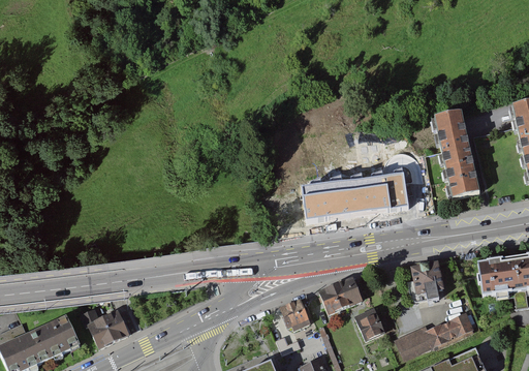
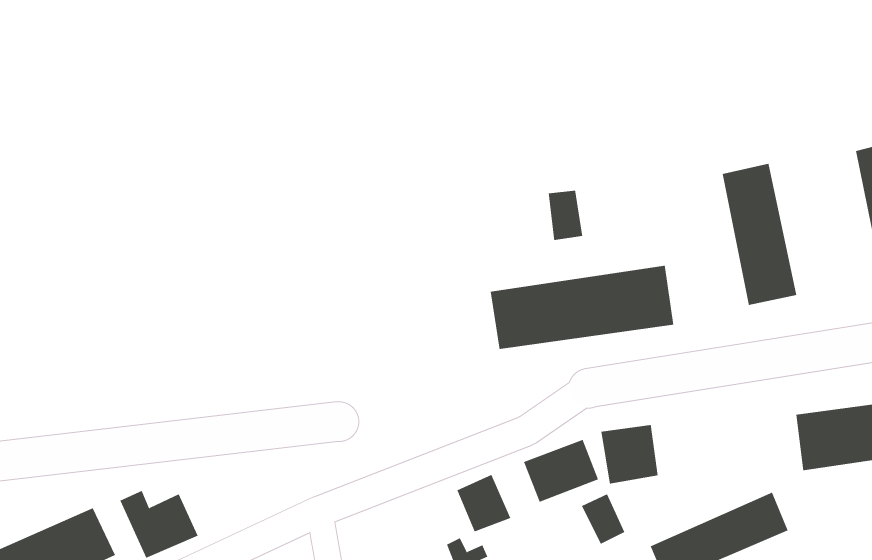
building: none -> [548,190,583,241]
building: [411,261,445,297] -> [600,424,658,484]

